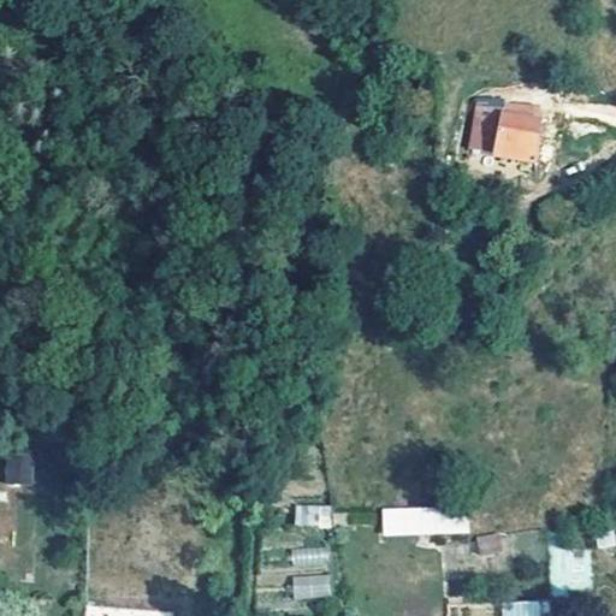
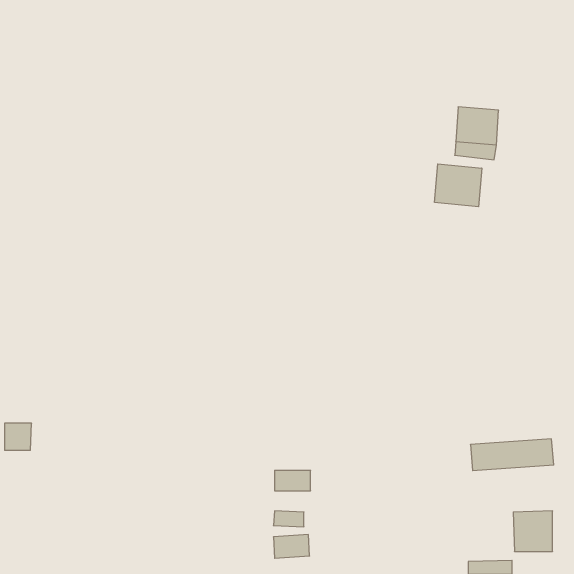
building: none -> [435,164,482,207]
building: [381,503,470,537] -> [470,439,554,471]

